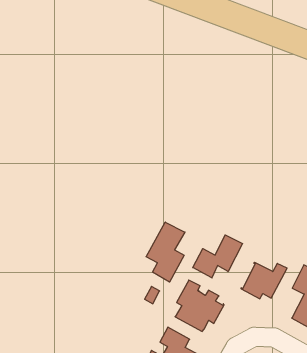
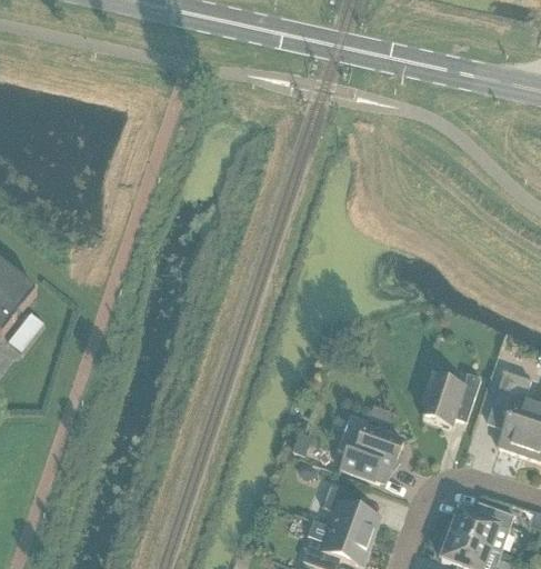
building: [146,222,185,282] -> none
building: [193,235,243,278] -> none

